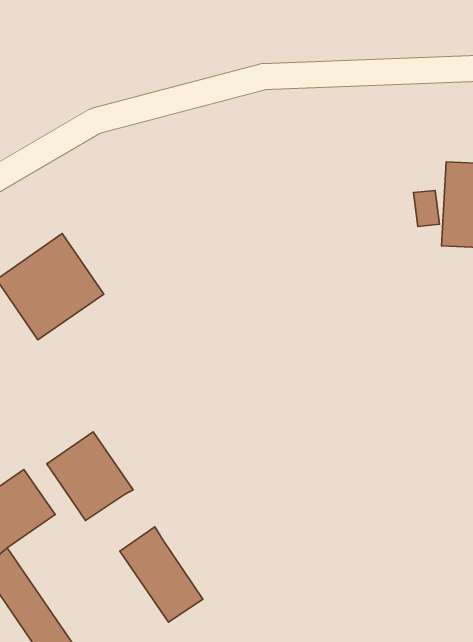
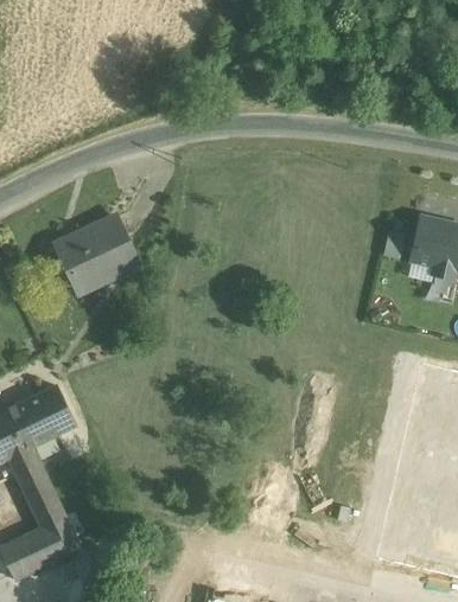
building: [47,432,133,521] -> none
building: [120,527,203,622] -> none

